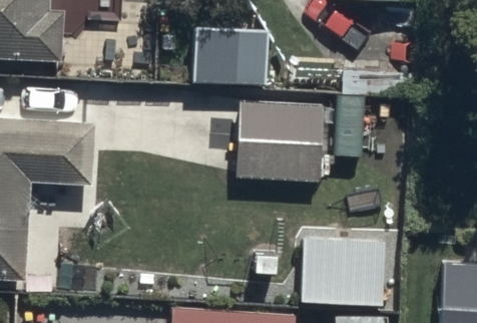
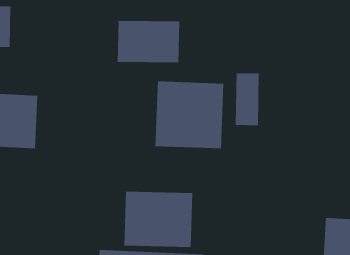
building: [298,235,383,304] -> [124,191,193,248]

